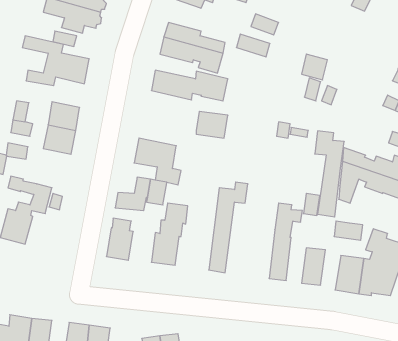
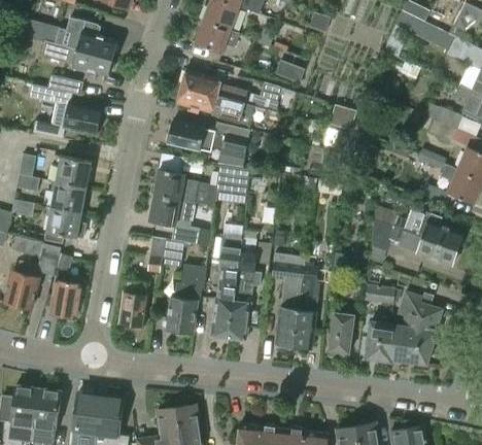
building: none -> [153,153,215,205]
building: [315,131,344,217] -> [272,252,304,345]
building: none -> [44,205,84,245]
building: none -> [211,245,240,336]
building: none -> [49,280,82,316]

